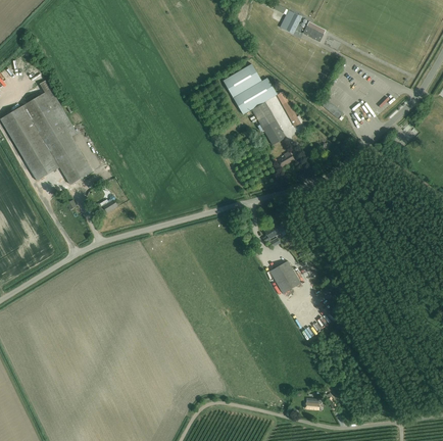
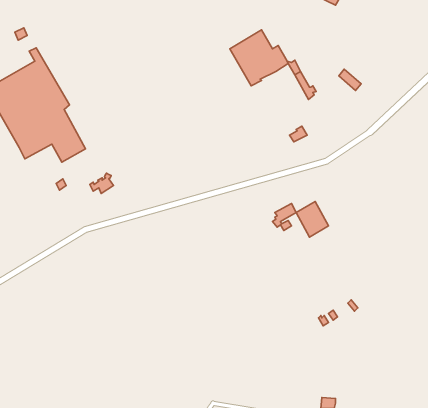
building: [251,101,286,144] -> none
building: [270,260,300,293] -> [296,201,329,237]

